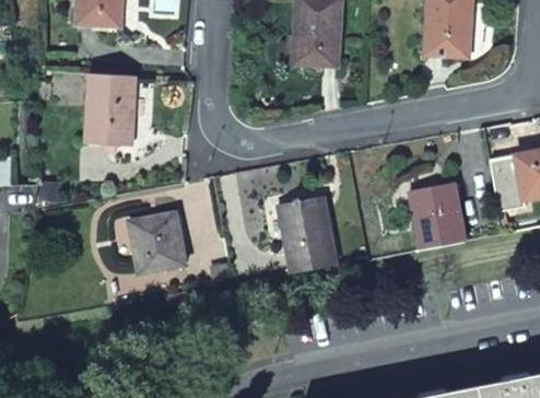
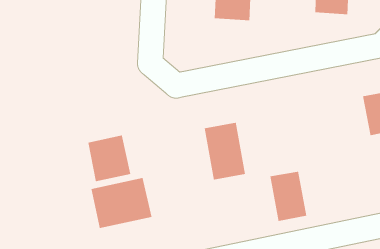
building: [87,72,137,144] -> none
building: [413,182,462,247] -> [270,171,307,222]
building: none -> [91,177,152,229]

